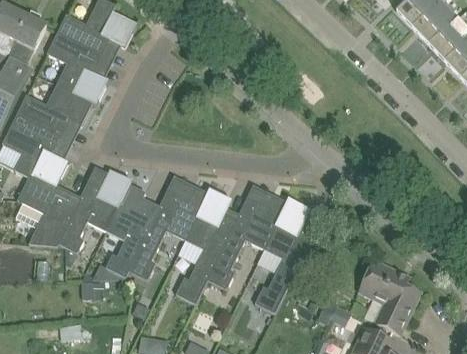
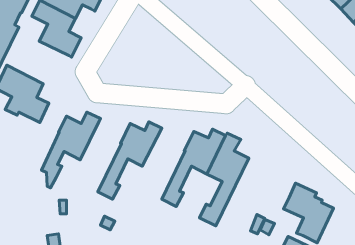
building: [16,84,93,137] -> none
building: [17,172,81,246] -> none
building: [106,184,158,277] -> none
building: [176,188,237,304] -> none

